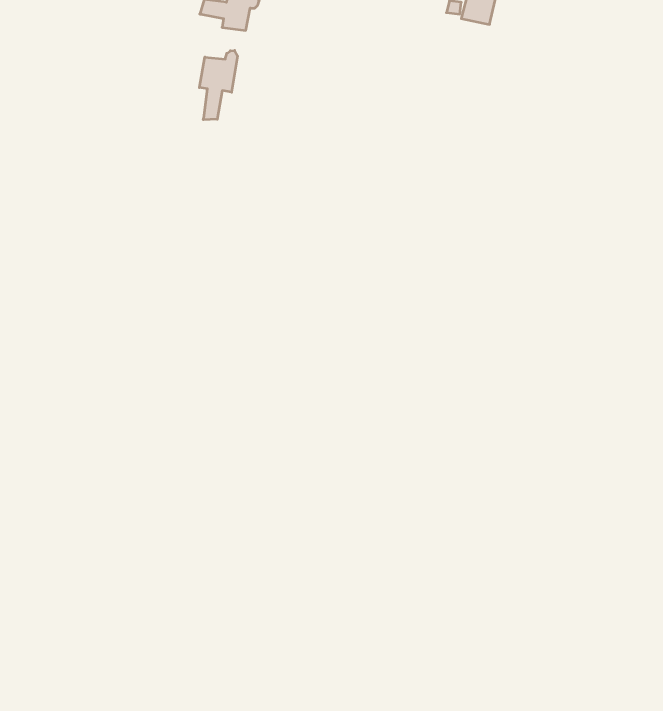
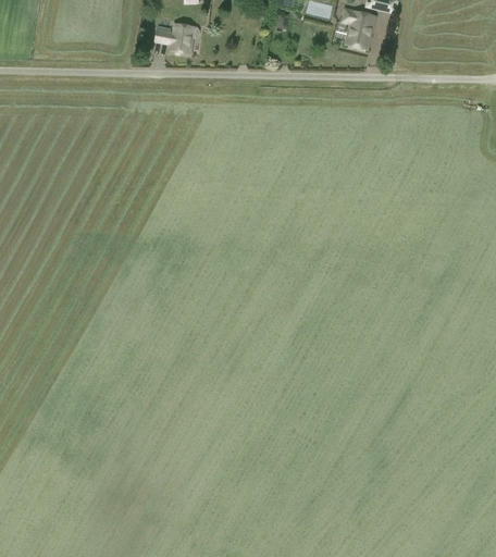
building: [199,50,237,120] -> none

